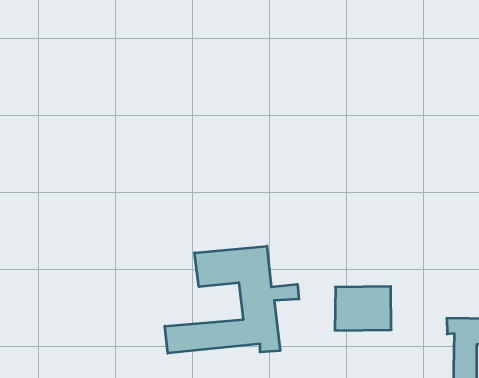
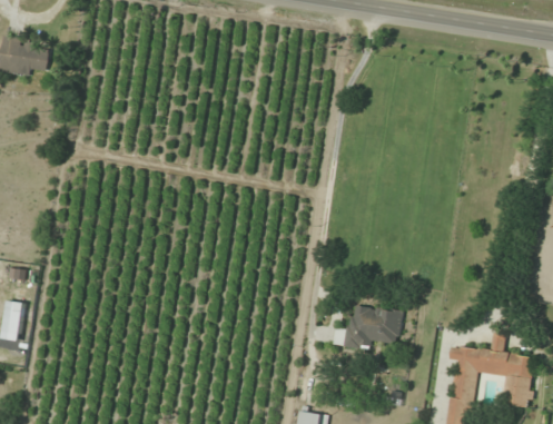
building: [165,246,299,353] -> none

